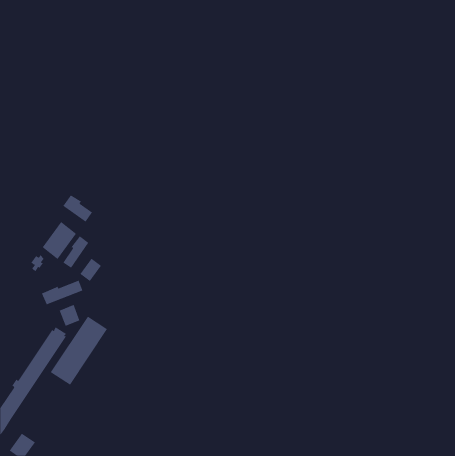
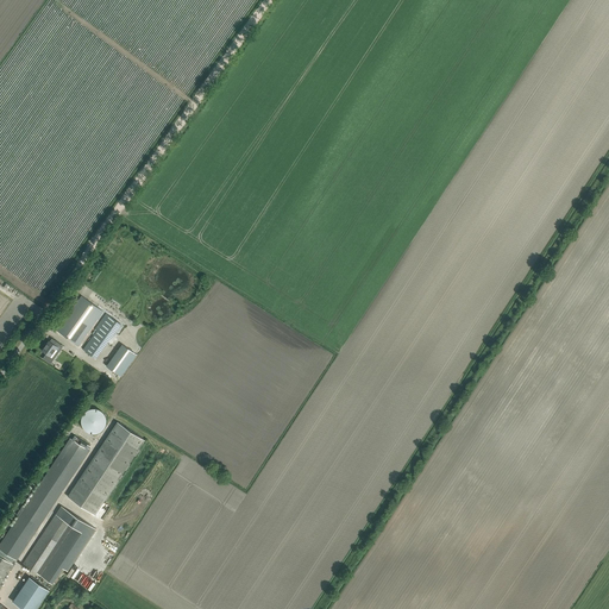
building: [63,194,93,223] -> none
building: [41,280,83,305] -> none
building: none -> [21,506,95,583]

